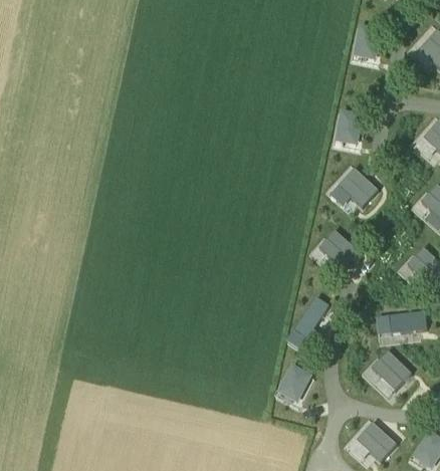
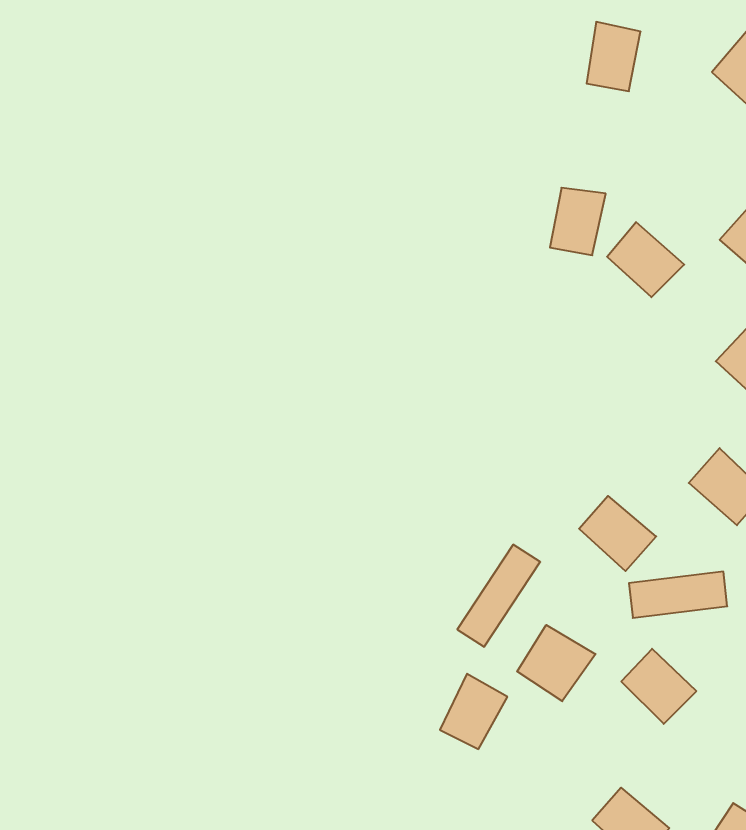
building: [338,168,378,207] -> [607,222,684,297]
building: [317,230,358,269] -> [579,496,656,571]
building: none -> [517,625,596,701]

